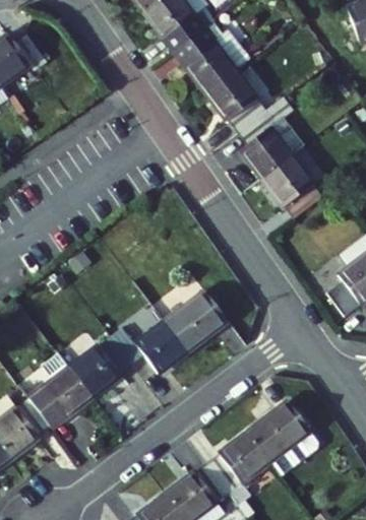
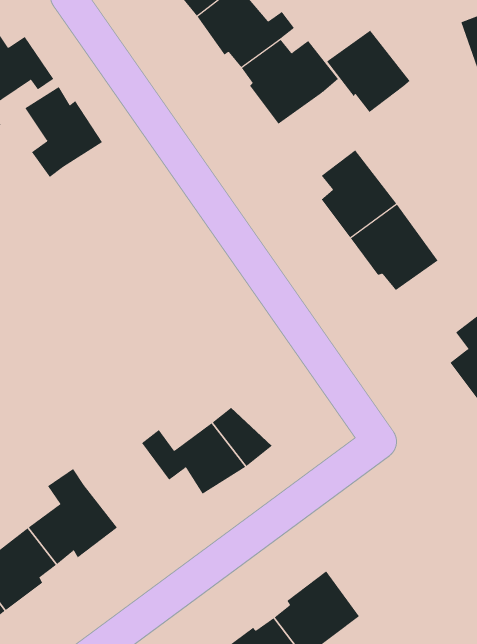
building: none -> [24,86,103,178]
building: [214,76,276,137] -> [326,30,411,113]
building: [179,286,232,335] -> none
building: [71,333,133,395] -> none
building: [249,396,316,460] -> none

